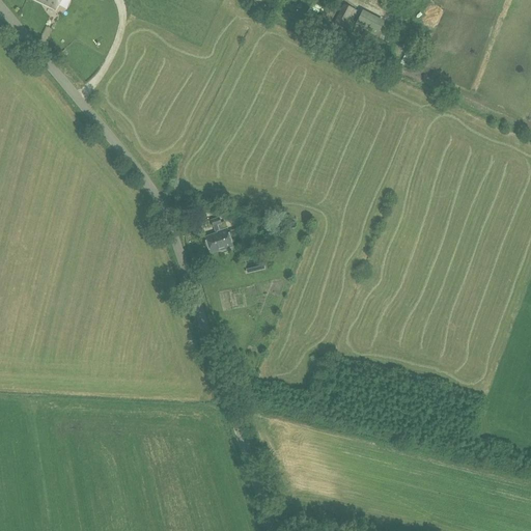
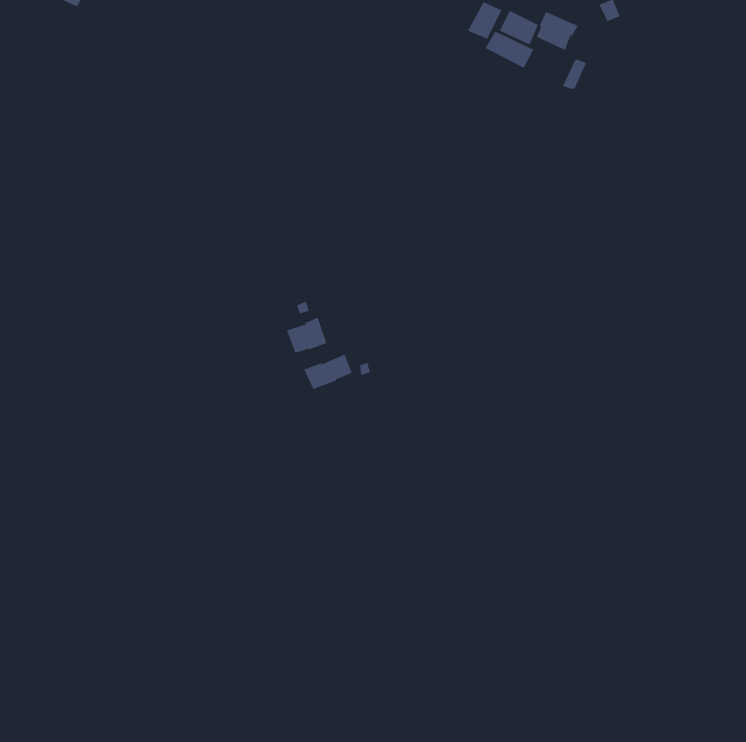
building: none -> [536,11,578,51]
building: none -> [304,354,353,390]

